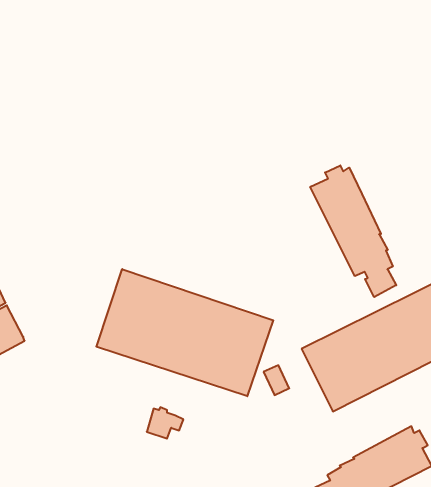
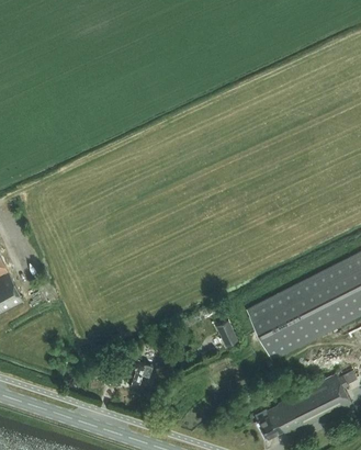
building: [310,165,396,297] -> none
building: [96,269,273,396] -> none

